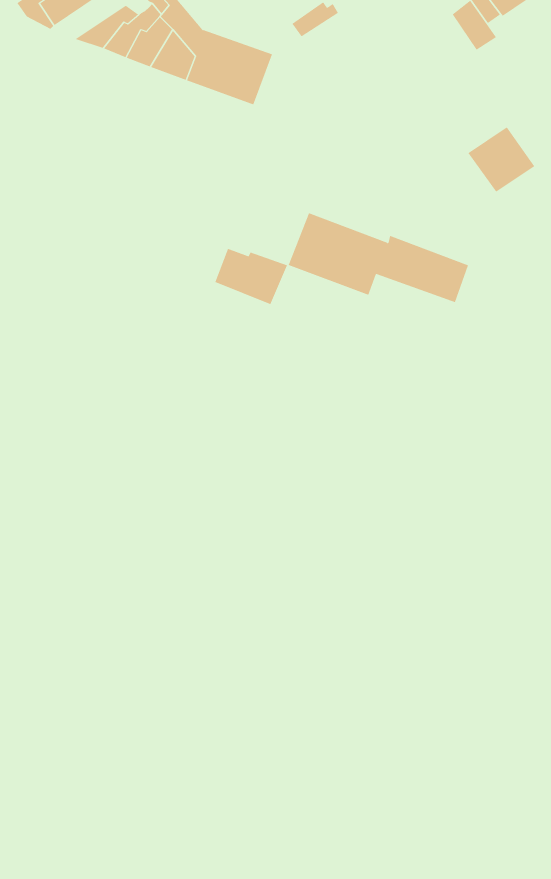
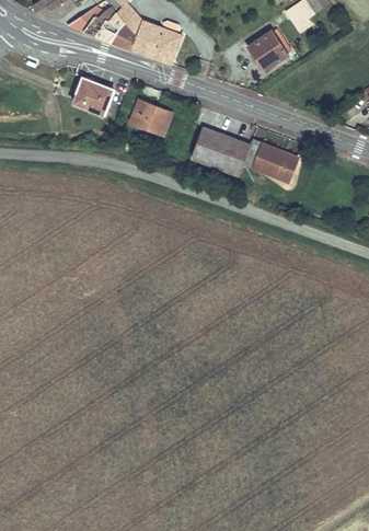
building: [467,127,535,193] -> [249,32,288,70]
building: none -> [72,80,114,116]
building: [214,248,288,305] -> [129,102,172,135]

